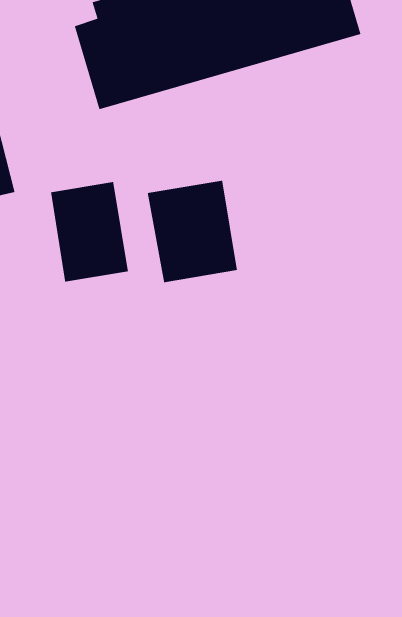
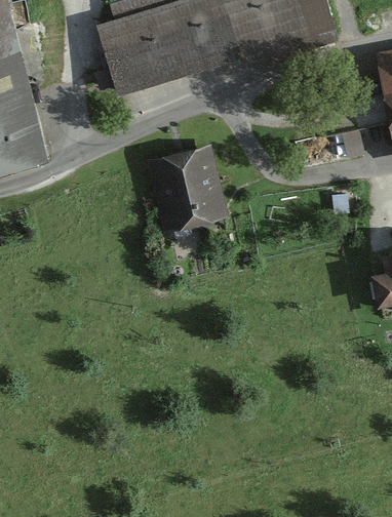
building: [50,181,129,283] -> none

